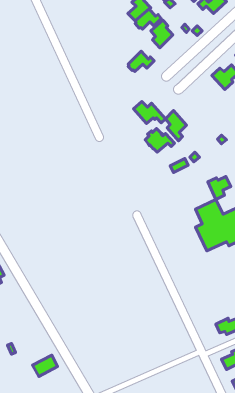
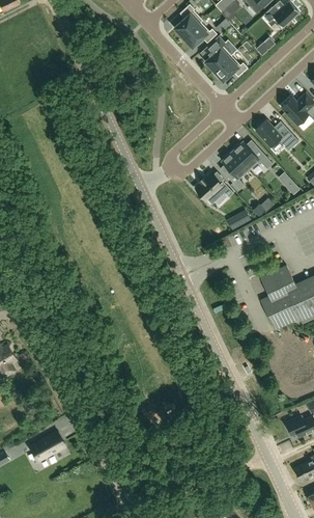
building: [128,51,154,71] -> [215,55,248,81]
building: none -> [255,120,298,152]
building: [134,102,165,124] -> [232,142,273,170]
building: [208,176,231,199] -> none
building: [32,355,58,376] -> [34,431,66,458]

